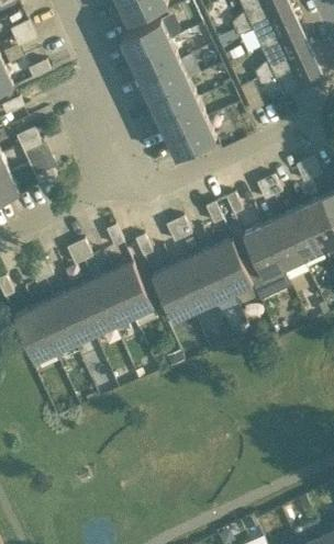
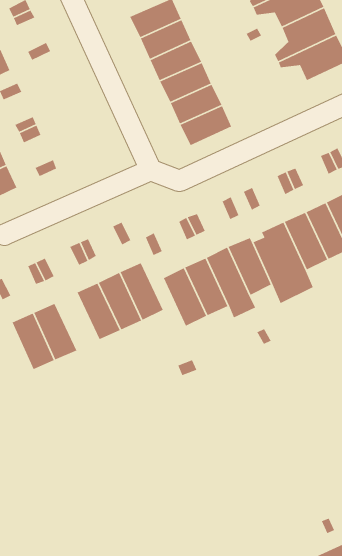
building: [53,291,93,344] -> none

